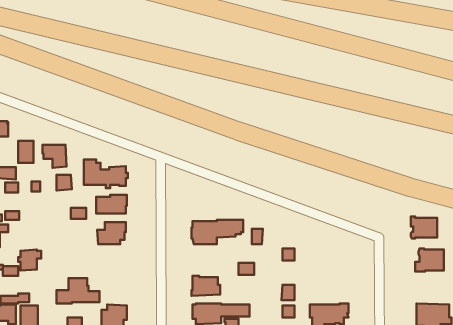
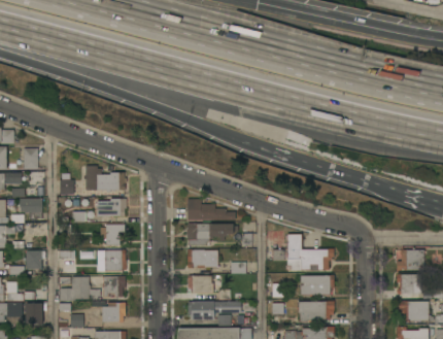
building: [42,145,67,168] -> [20,199,42,221]
building: none -> [188,199,235,221]
building: [411,217,437,239] -> [397,274,421,295]
building: none -> [287,234,334,271]
building: none -> [104,249,126,271]
building: none -> [188,249,218,268]
building: none -> [300,275,334,295]
building: none -> [103,276,125,297]

